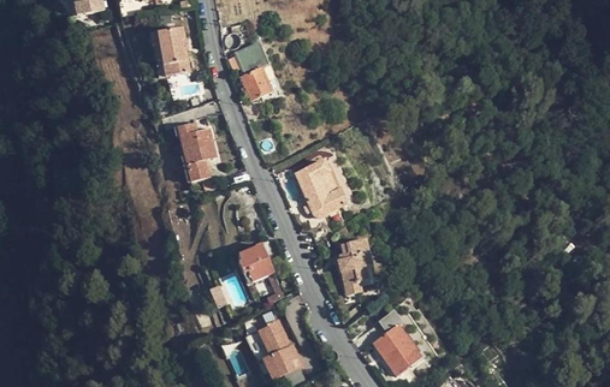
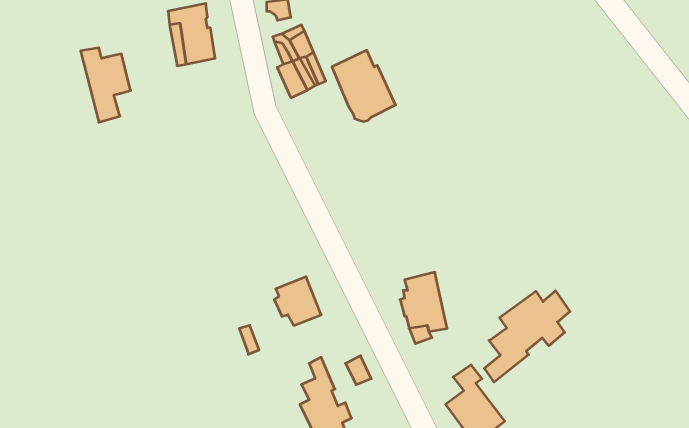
building: [177,123,217,181] -> [81,48,131,122]
building: [296,160,347,216] -> [332,50,396,122]
building: none -> [484,291,570,382]

